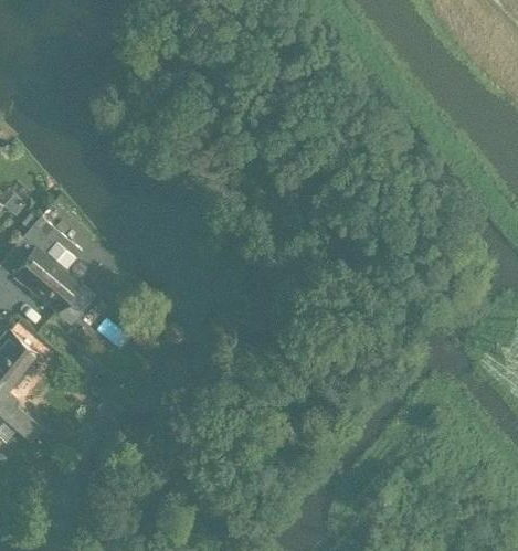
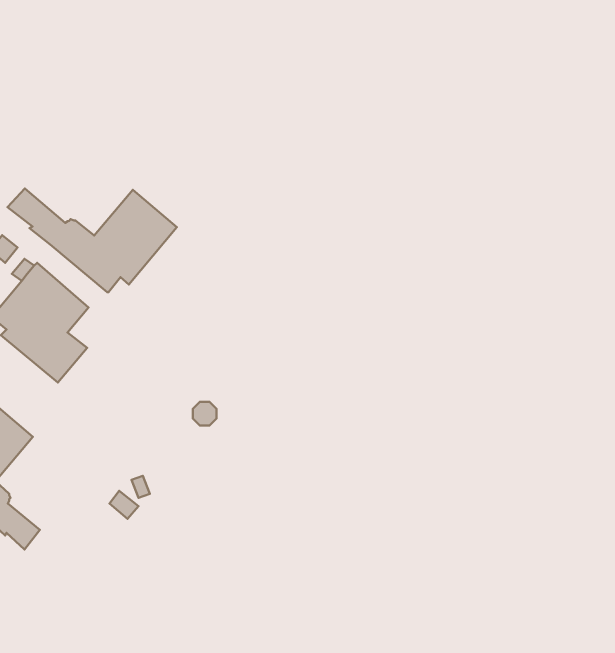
building: none -> [8,188,177,292]

